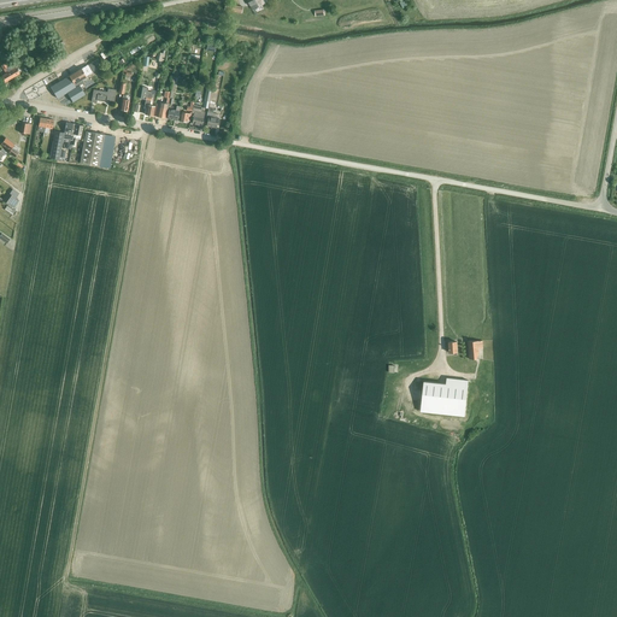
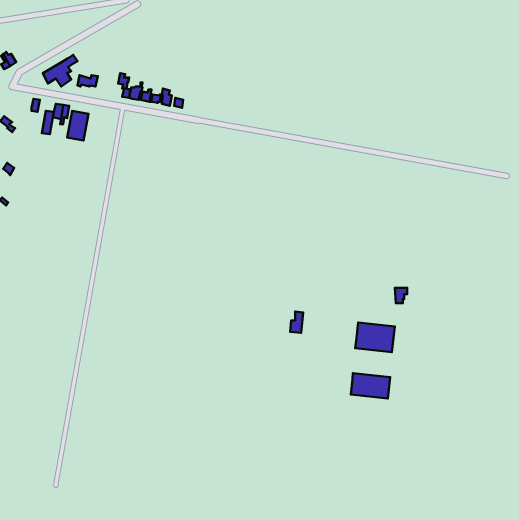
building: none -> [351,373,390,399]

